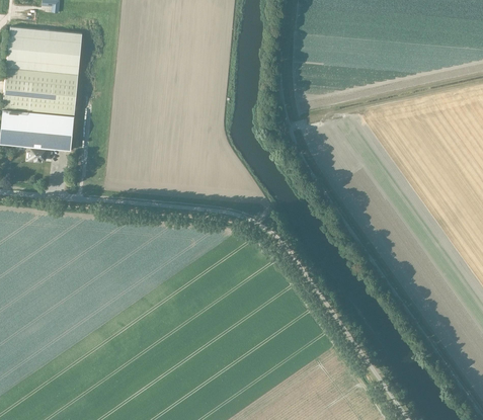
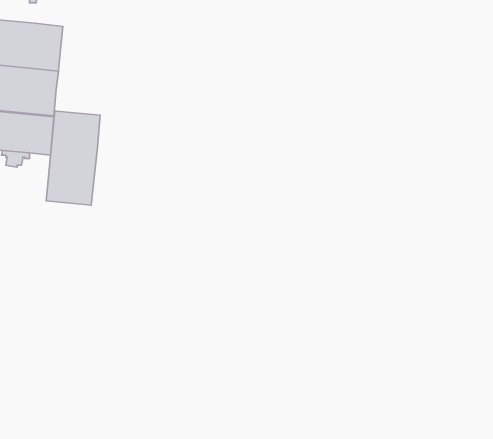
building: none -> [46,111,100,205]

